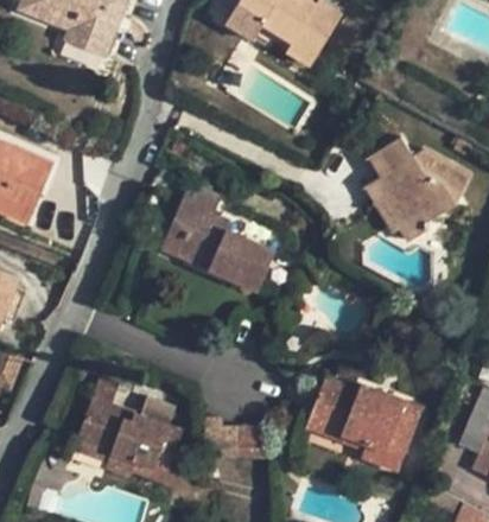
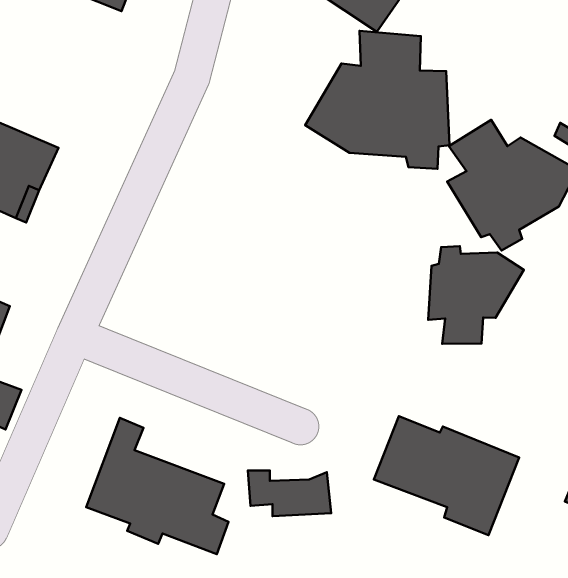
building: none -> [305,31,450,169]
building: [160,185,274,292] -> none
building: none -> [428,246,524,344]

